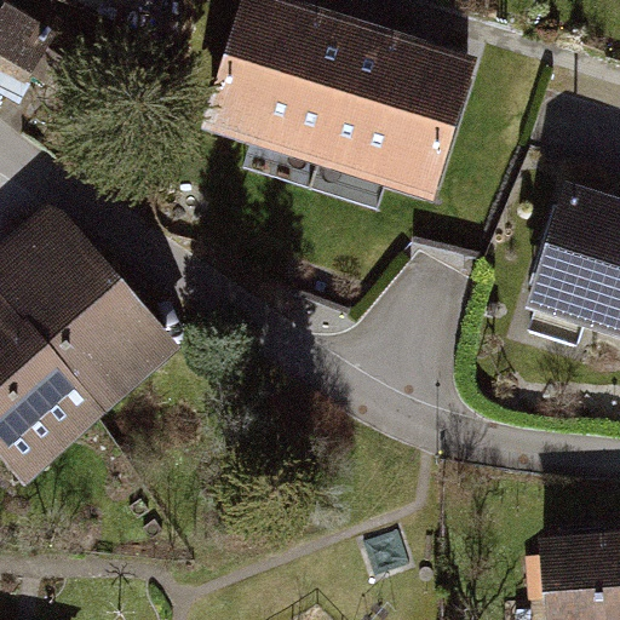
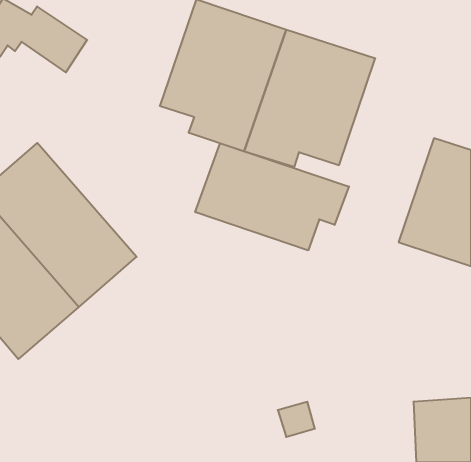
building: none -> [195,143,349,250]

